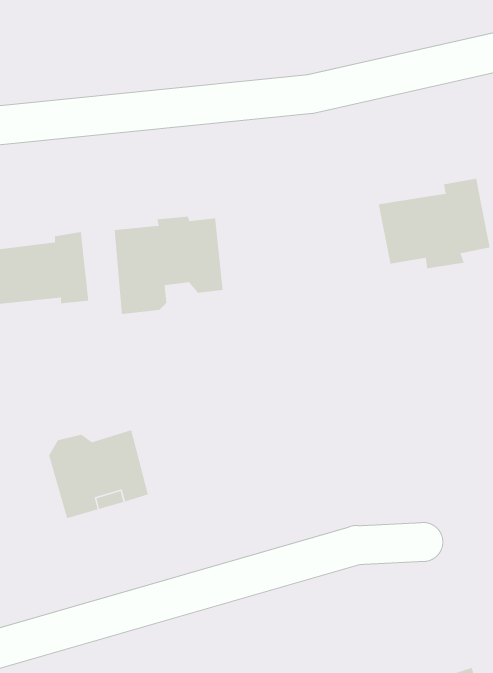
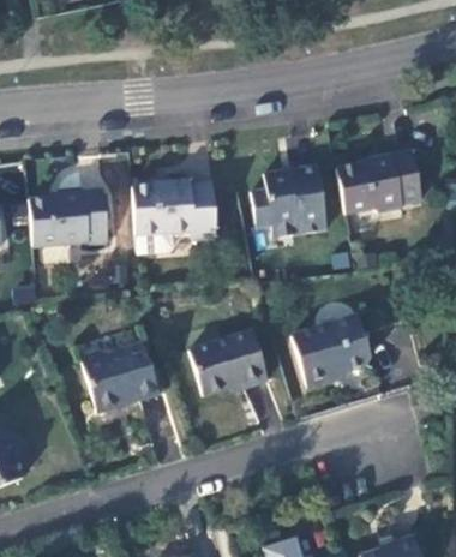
building: none -> [251,168,326,241]
building: none -> [293,317,371,389]
building: none -> [192,329,268,395]

